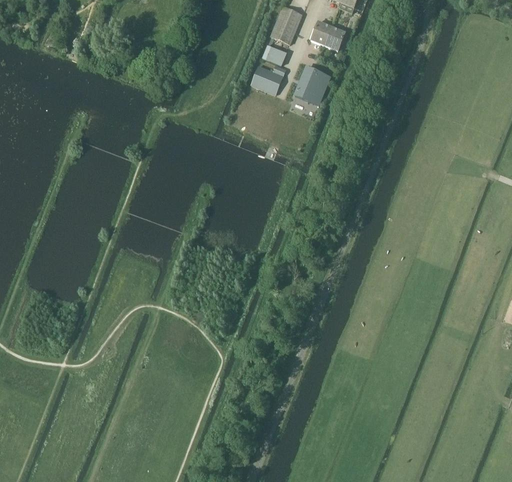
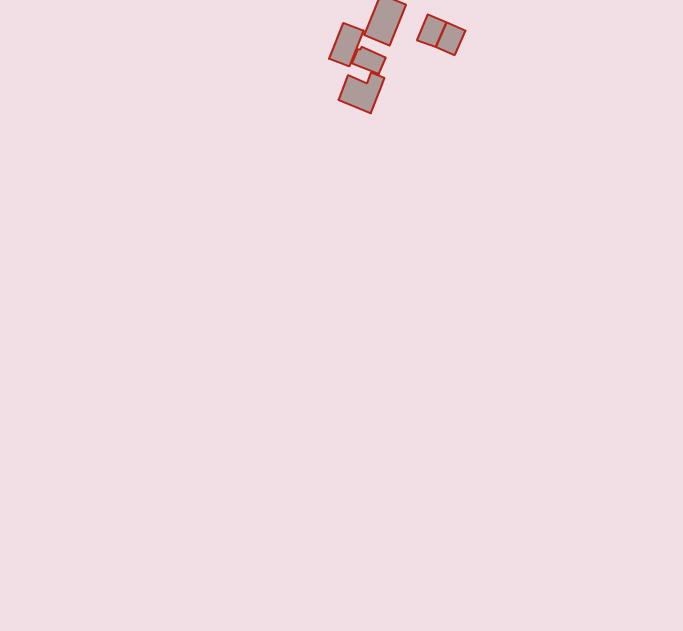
building: none -> [329,23,364,66]
building: [294,66,329,104] -> none

